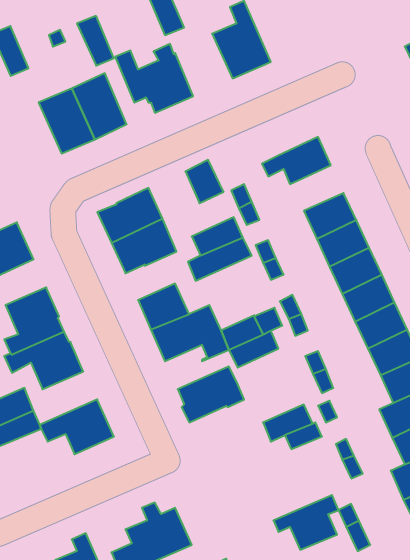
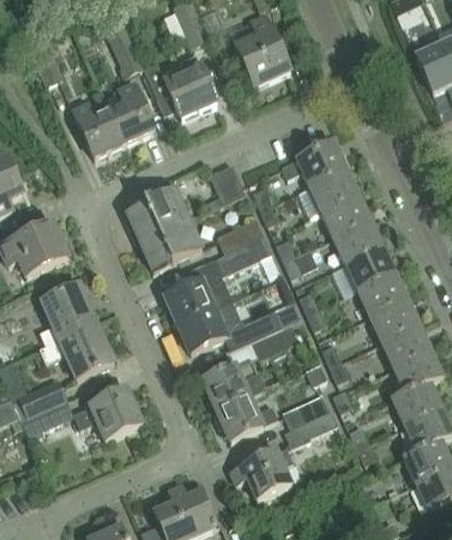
building: none -> [308,167,358,210]
building: none -> [213,394,278,439]
building: [273,495,338,550] -> [231,446,293,498]

